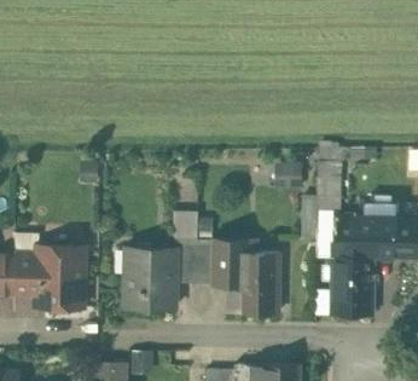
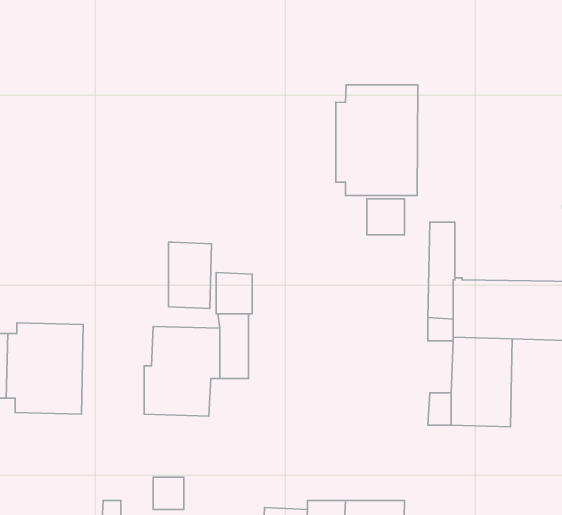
building: none -> [336,85,418,196]
building: [196,238,225,283] -> [168,242,211,309]
building: [227,253,279,312] -> none

